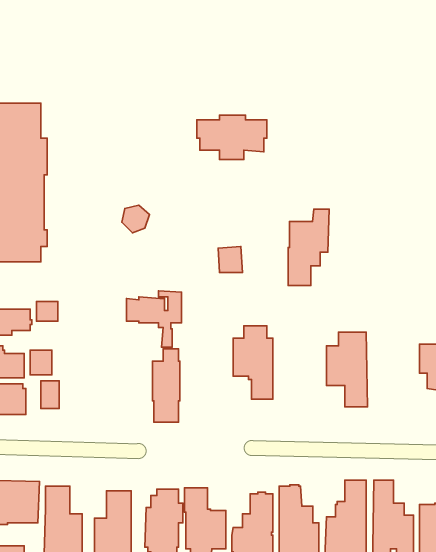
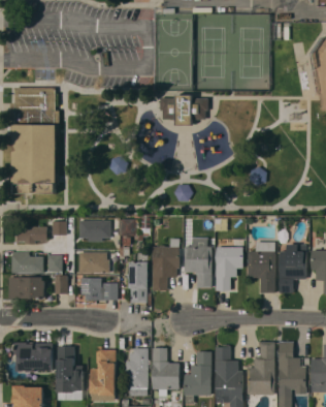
building: [288,209,329,286] -> [216,239,243,290]
building: none -> [78,220,110,241]
building: none -> [153,238,180,290]
building: none -> [280,244,306,292]
building: none -> [78,252,113,274]
building: none -> [80,278,118,300]

